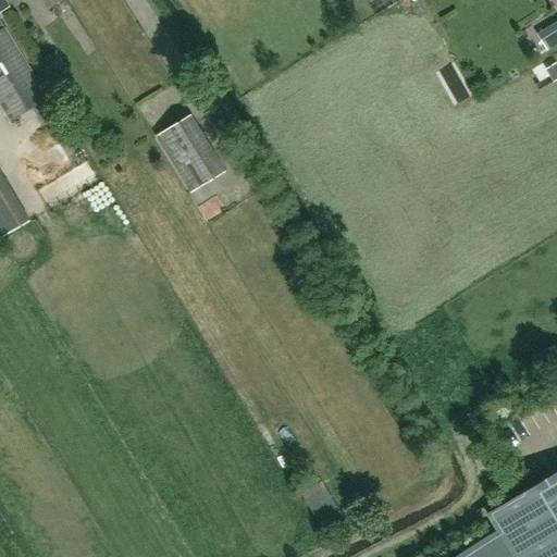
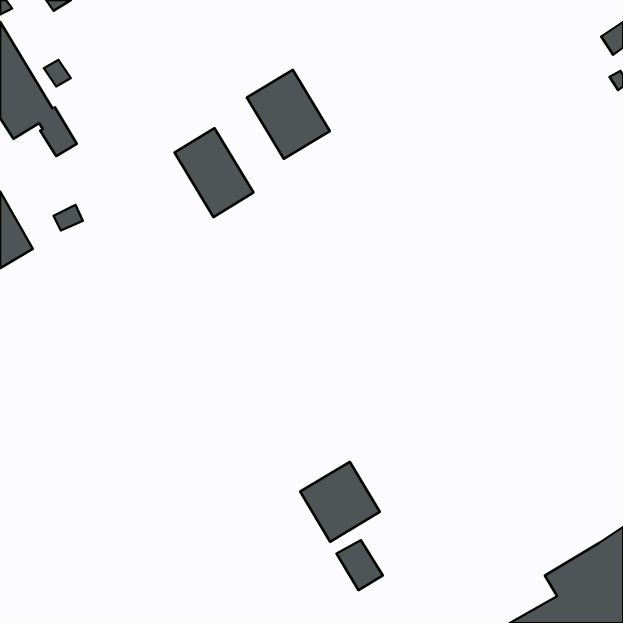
building: none -> [247,70,330,159]
building: none -> [300,462,380,542]

